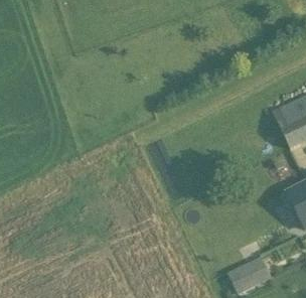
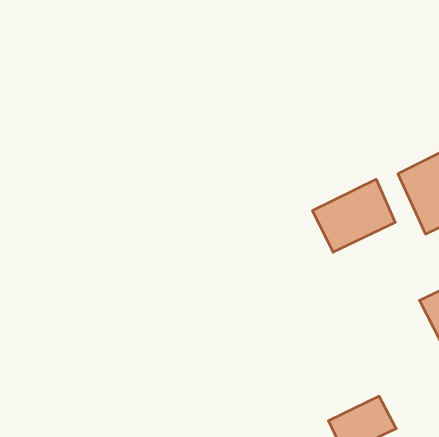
building: none -> [313,179,395,252]

